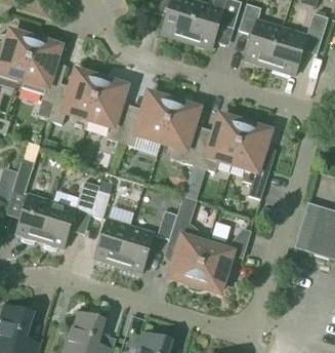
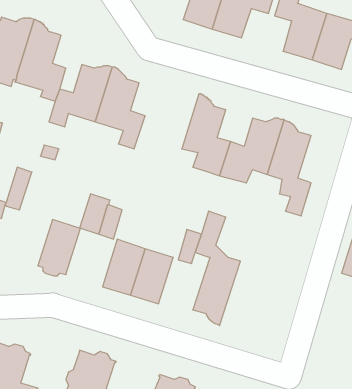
building: [121,93,175,146] -> none
building: [16,194,52,241] -> none
building: [193,228,251,291] -> none

